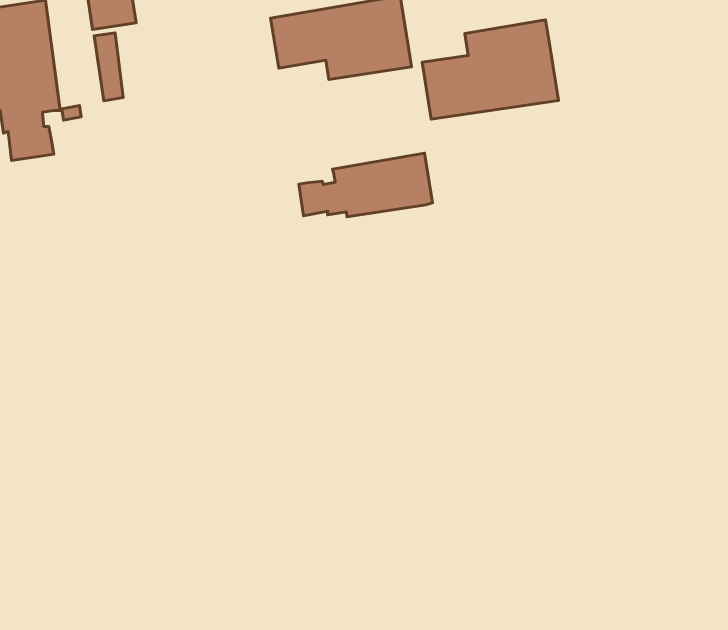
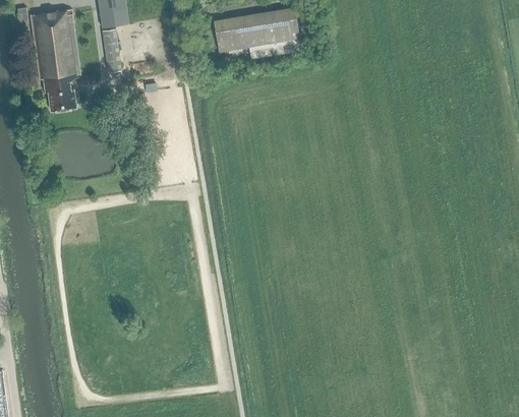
building: [422,20,559,119] -> none
building: [299,153,432,217] -> none

